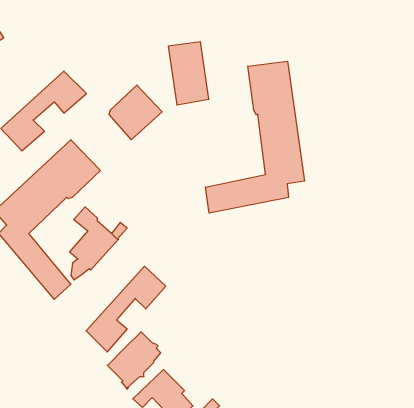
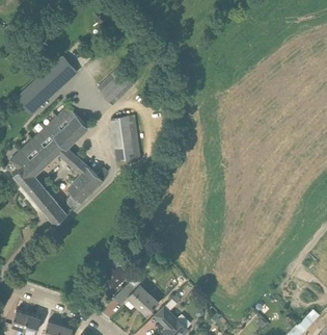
building: [168,42,209,105] -> [112,115,142,162]
building: [205,61,304,213] -> none
building: [86,266,166,352] -> none

